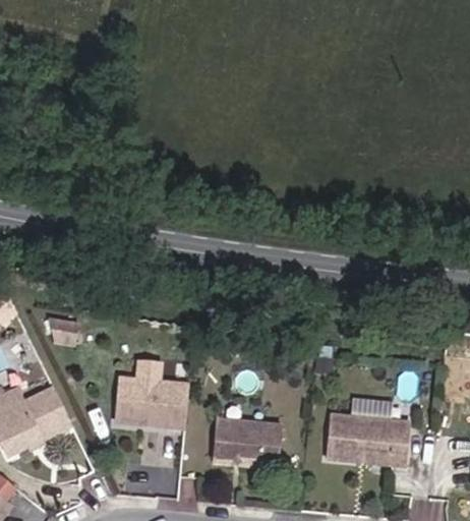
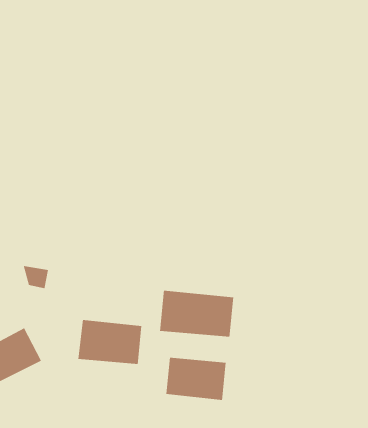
building: none -> [159,290,234,337]
building: [326,414,410,463] -> none

